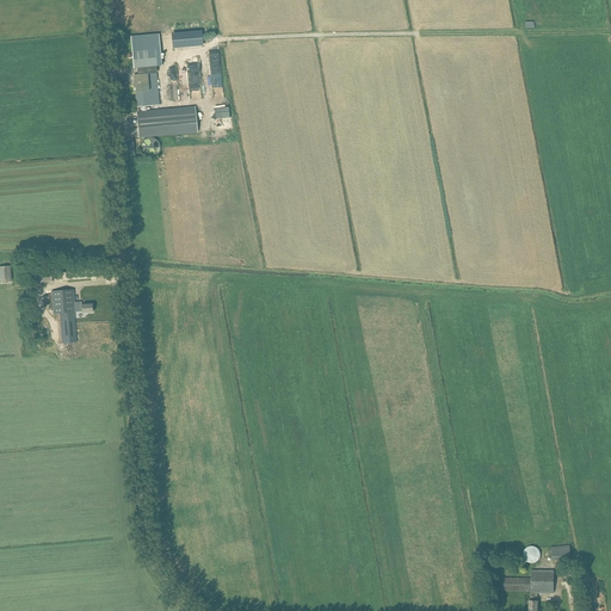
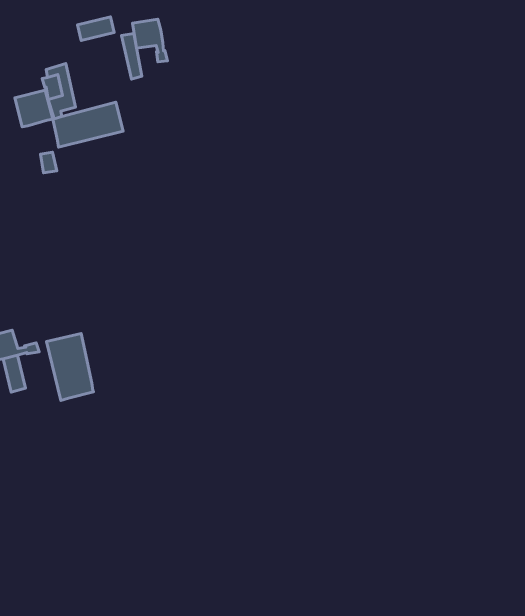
building: [131,38,161,67] -> [15,90,53,127]
building: none -> [133,19,168,62]
building: none -> [47,334,93,401]

